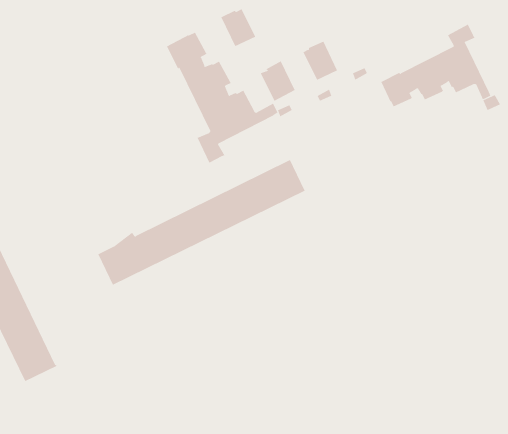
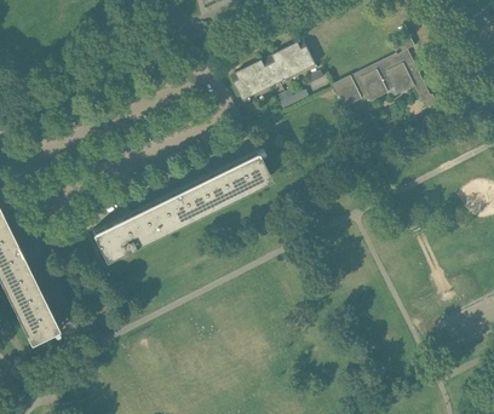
building: [221,9,256,47] -> [249,58,280,91]
building: none -> [286,40,316,74]
building: [166,32,278,163] -> none

